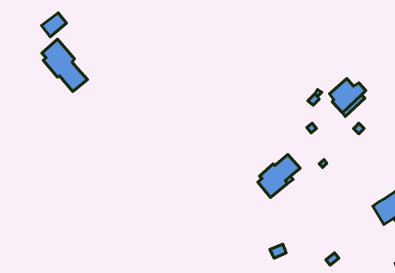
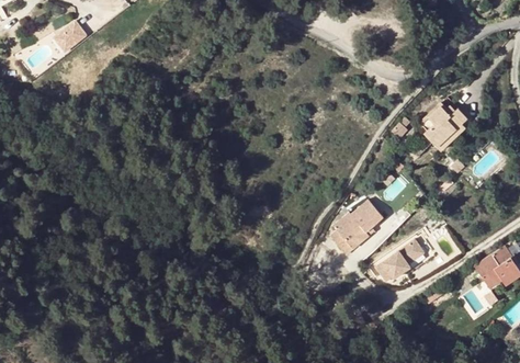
building: [42,39,87,92] -> none
building: none -> [374,240,423,282]

